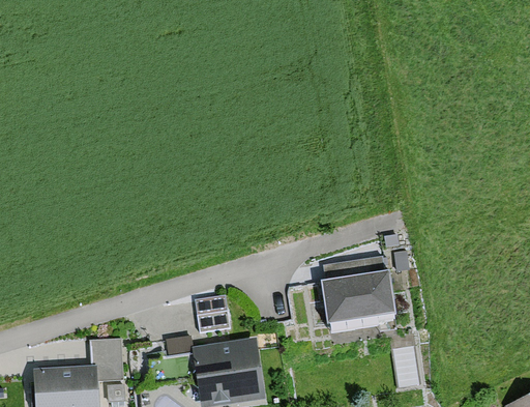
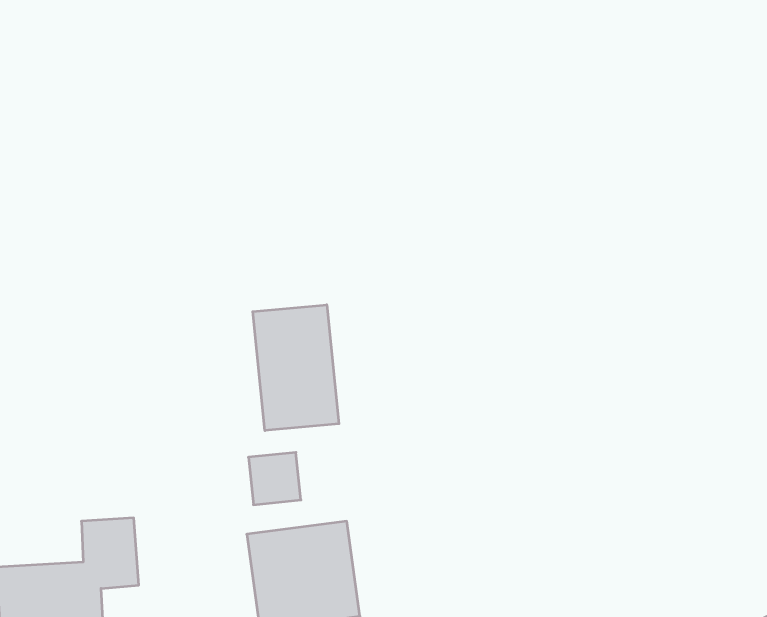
building: none -> [253,305,339,431]
building: [323,256,396,327] -> none

